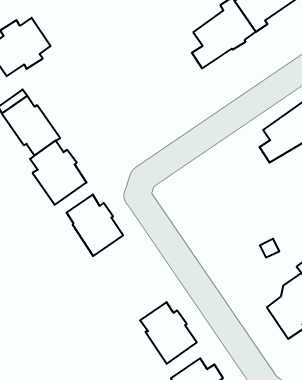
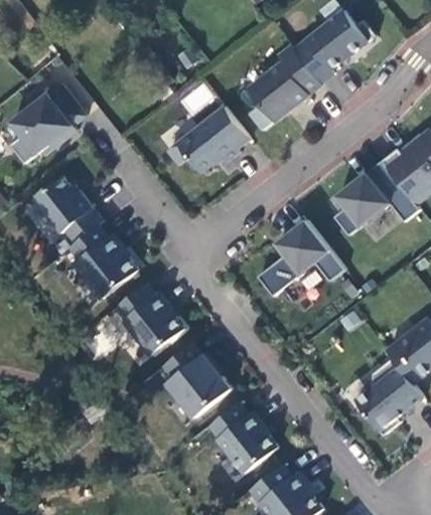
building: none -> [167,107,249,173]
building: none -> [257,219,341,296]
building: none -> [162,343,230,417]

